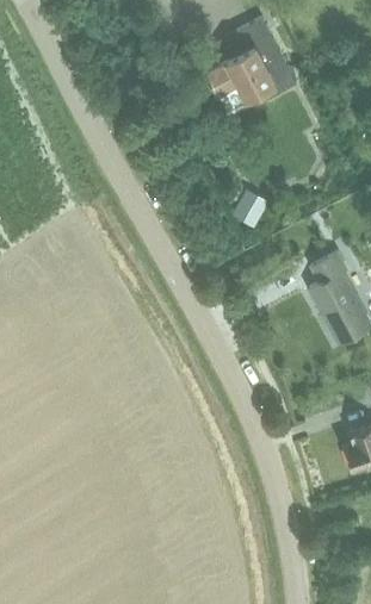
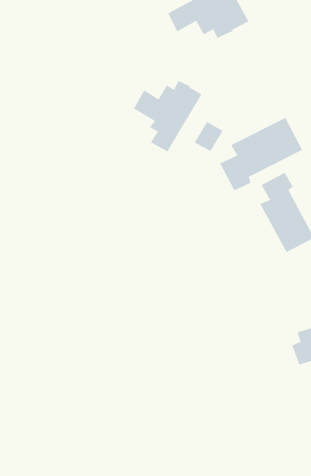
building: none -> [133,80,202,152]
building: none -> [220,117,303,191]

